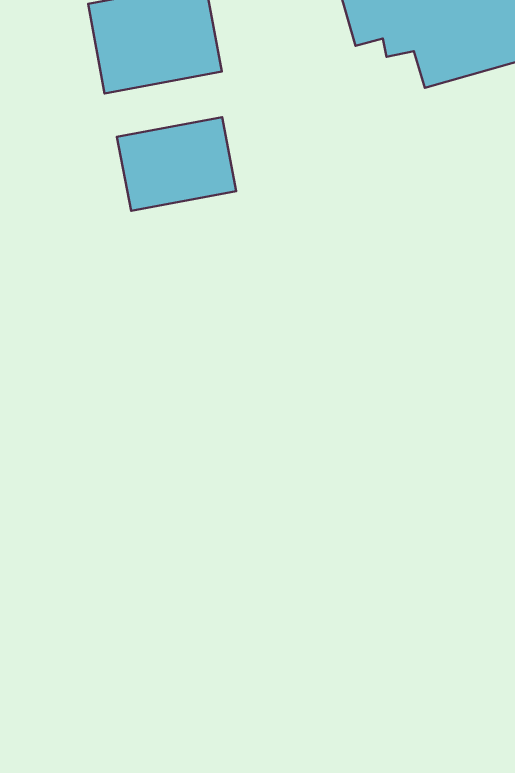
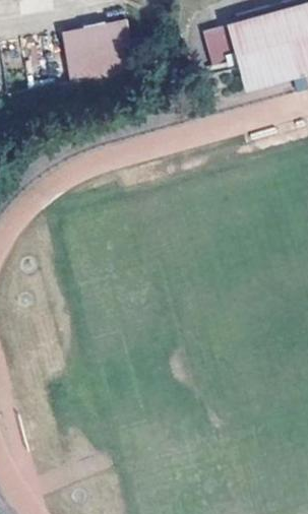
building: [117,117,236,211] -> none

